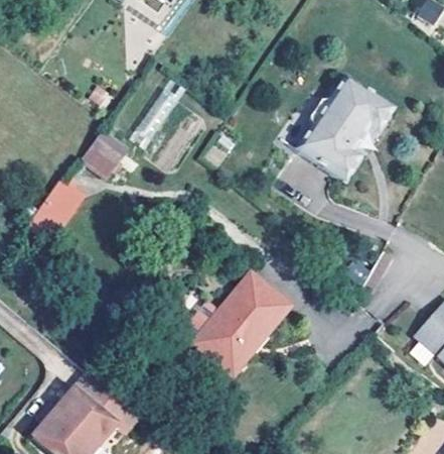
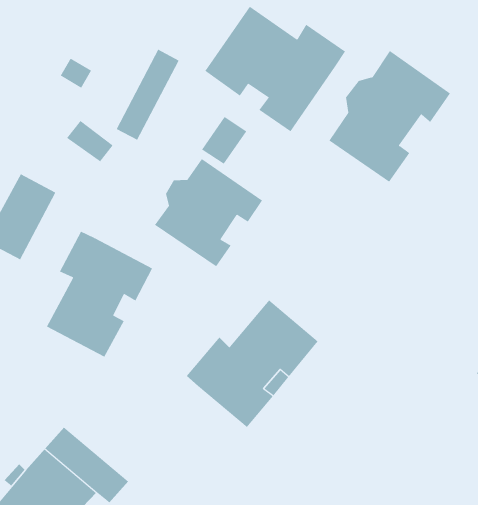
building: none -> [205,6,346,132]
building: none -> [154,158,263,267]
building: none -> [46,231,153,357]

